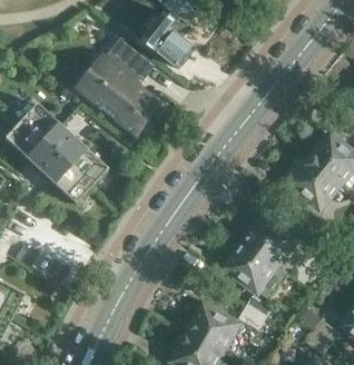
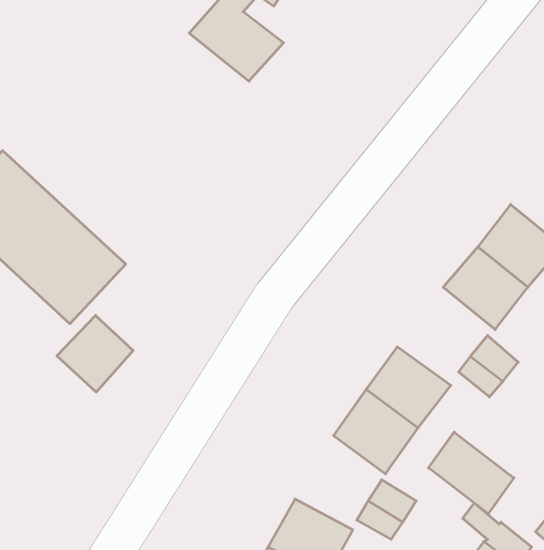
building: [83,43,160,136] -> none
building: none -> [57,315,133,392]
building: none -> [428,432,514,514]

